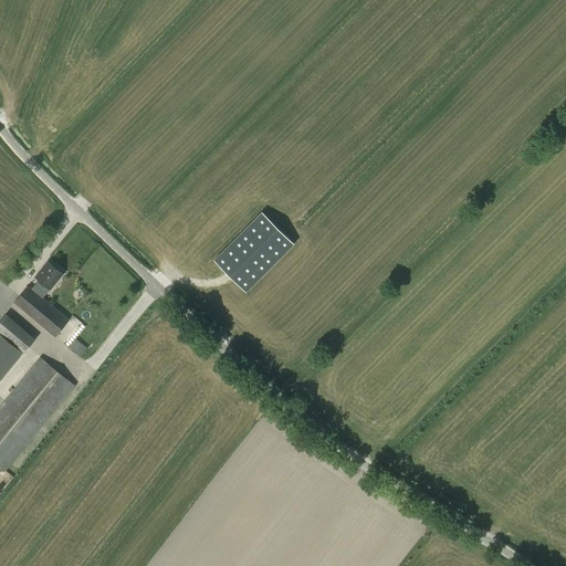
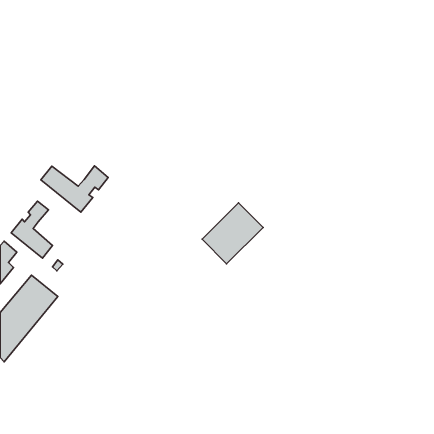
building: [214,212,294,292] -> [202,203,263,264]
building: none -> [41,166,108,212]

